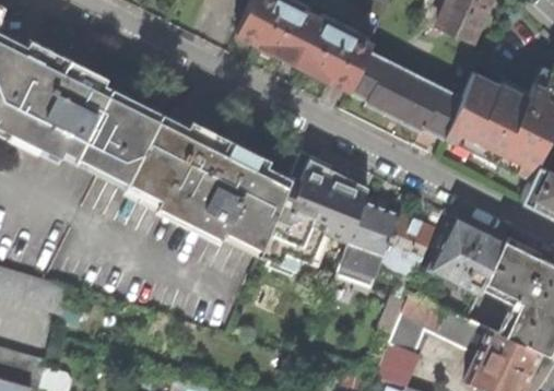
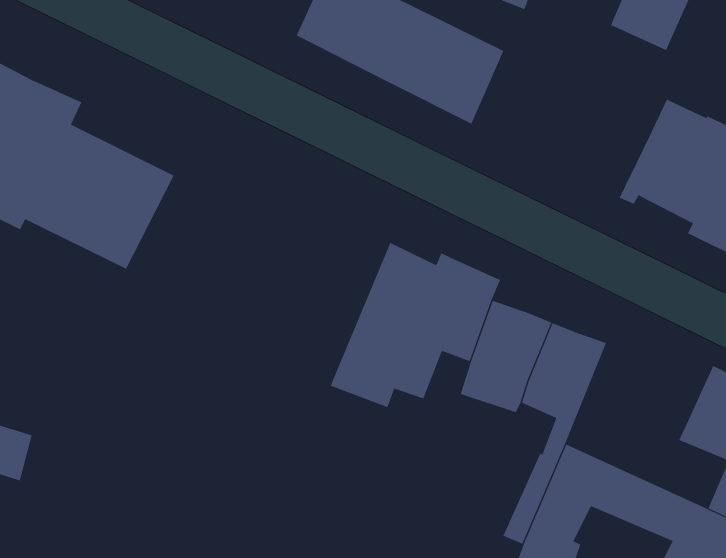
building: [351,51,462,135] -> none
building: [126,114,292,256] -> none
building: [432,217,504,294] -> none

